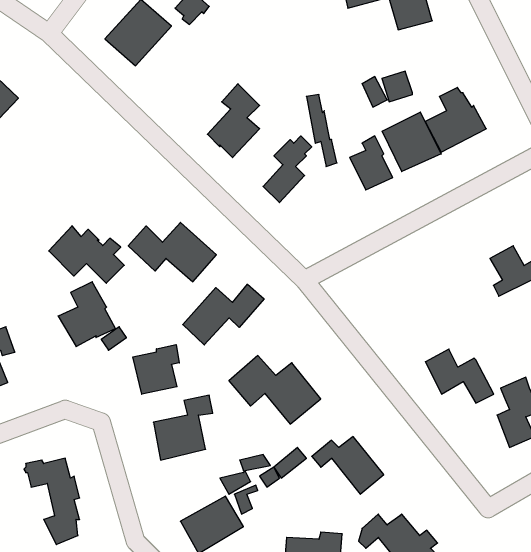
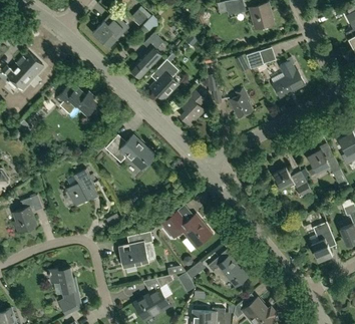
building: none -> [130,32,163,77]
building: [382,112,441,172] -> none
building: [49,226,124,283] -> [55,84,97,116]
building: [183,284,264,345] -> none
building: [133,345,179,394] -> none
building: [425,349,494,403] -> [273,166,311,196]

